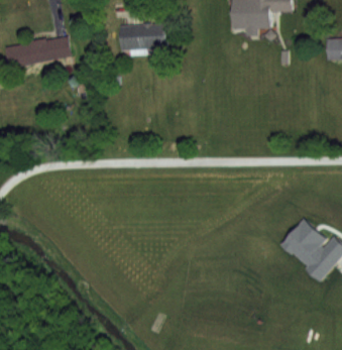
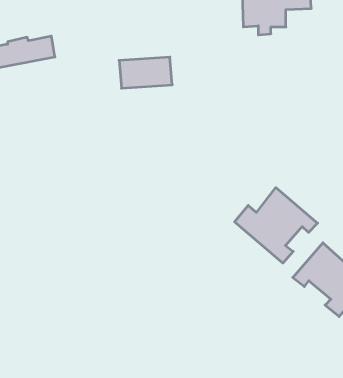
building: [119,23,165,50] -> [119,57,172,88]
building: none -> [235,188,318,263]

